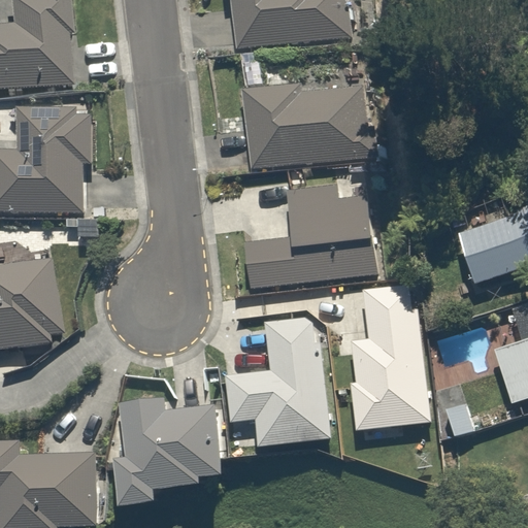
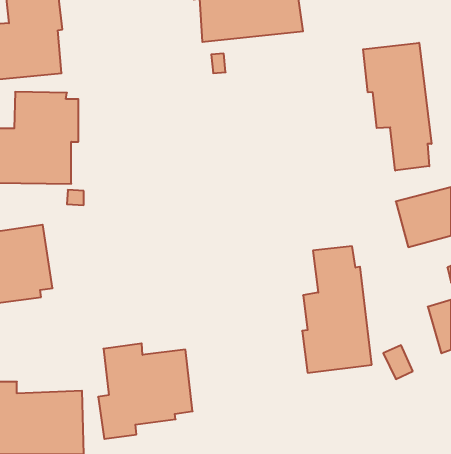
building: none -> [363,43,431,171]
building: [241,81,367,169] -> none
building: [244,184,375,289] -> none
building: [225,318,331,448] -> none

